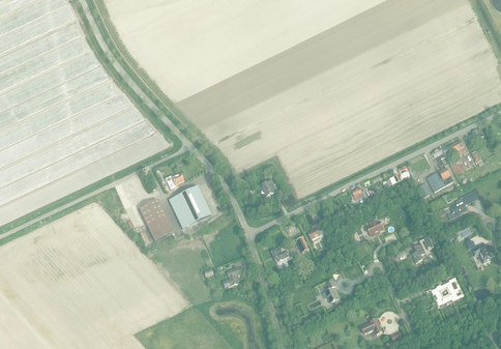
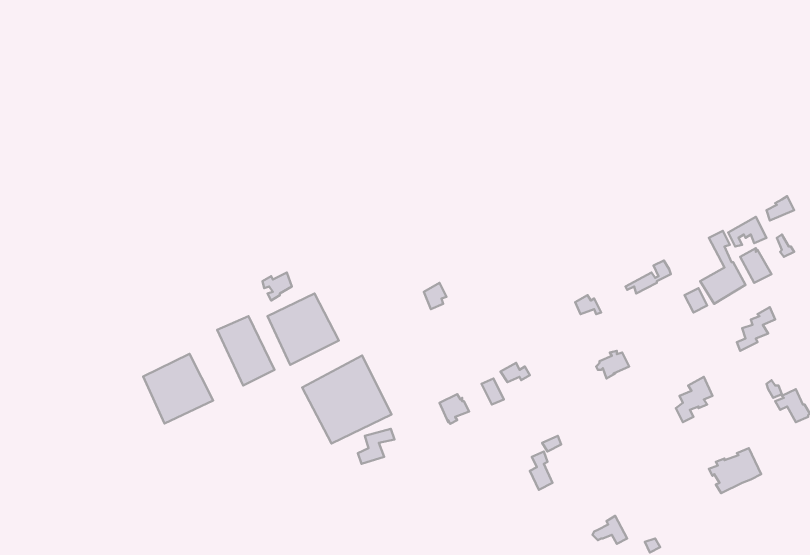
building: none -> [143,354,213,424]
building: none -> [302,356,392,444]

